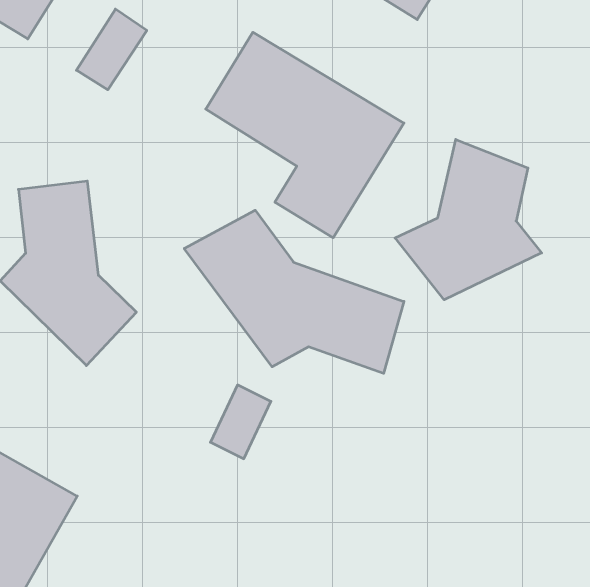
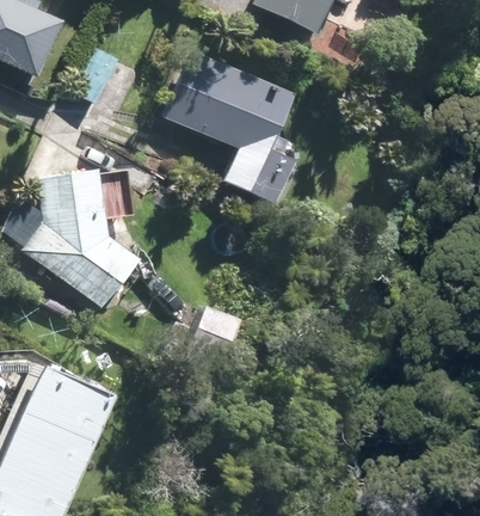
building: [395,139,542,300] -> none
building: [184,210,404,373] -> none

